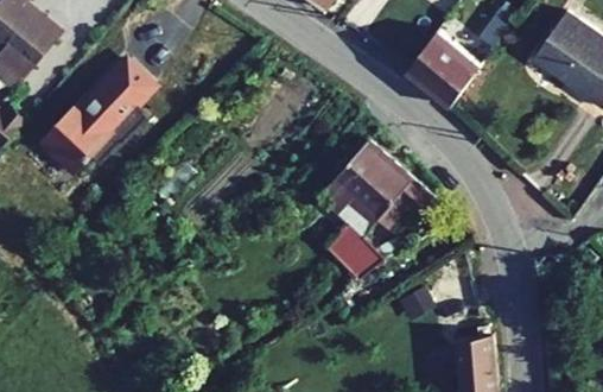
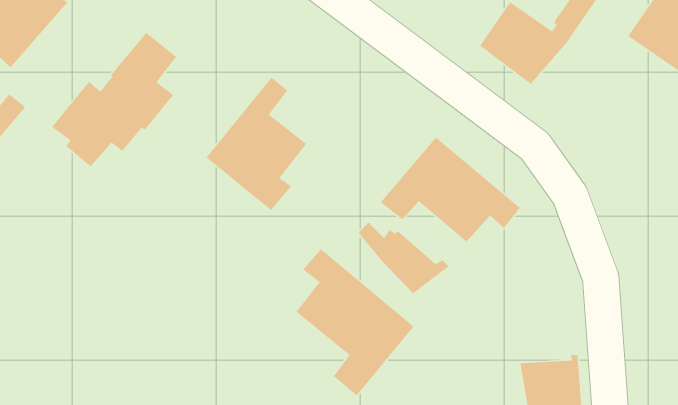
building: none -> [206,76,307,211]
building: none -> [295,248,415,397]

